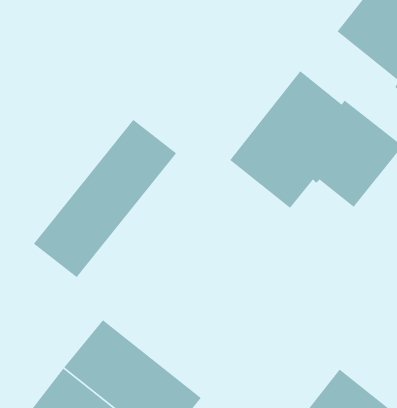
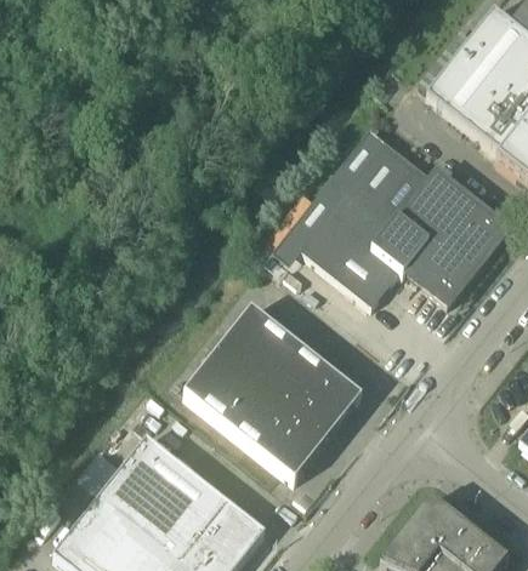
building: [33,119,177,278] -> none
building: none -> [183,306,360,479]

